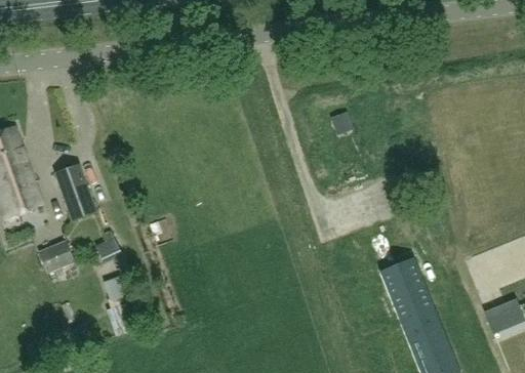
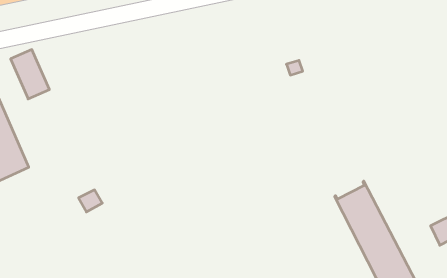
building: [55,164,95,218] -> [11,50,49,99]
building: [40,242,74,272] -> none

